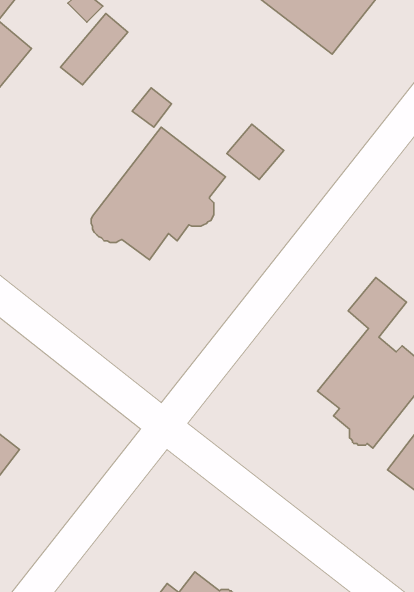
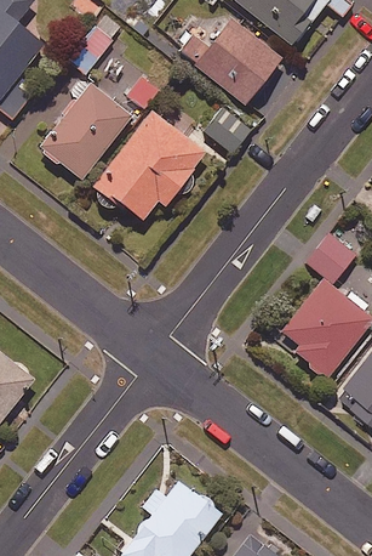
building: none -> [194,22,282,109]
building: none -> [39,84,130,178]

